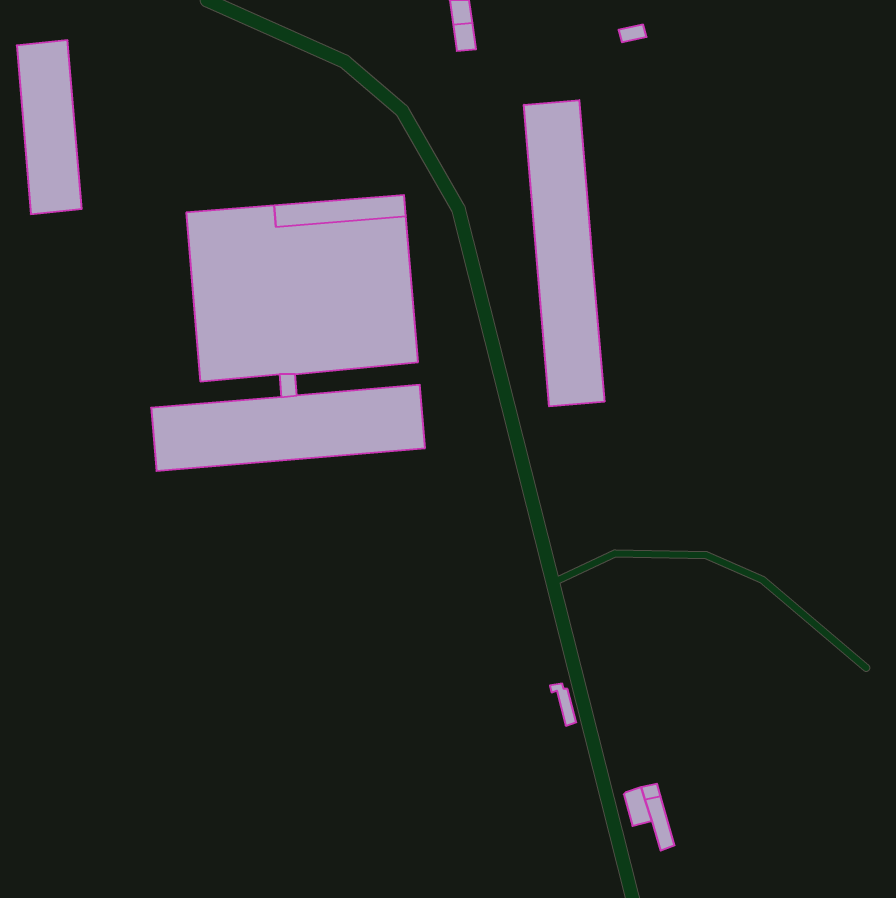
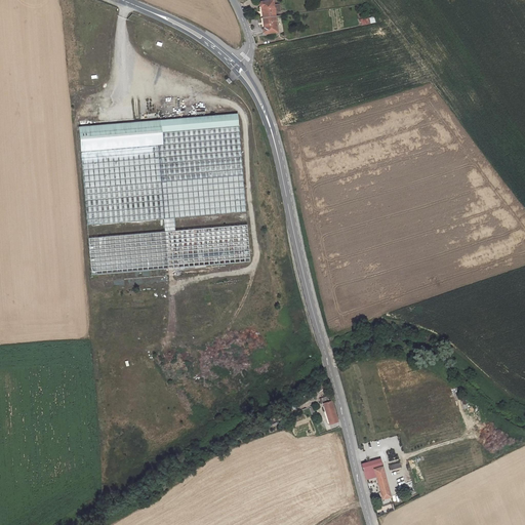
building: [17,40,82,214] -> [80,124,118,226]
building: [524,100,604,406] -> none

